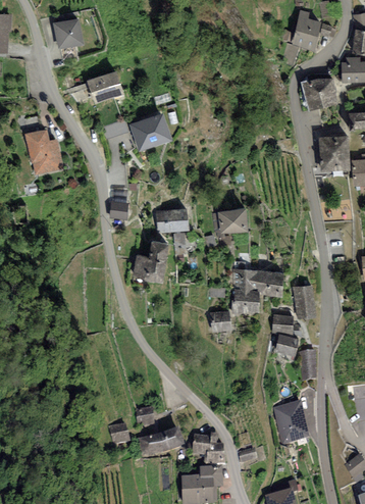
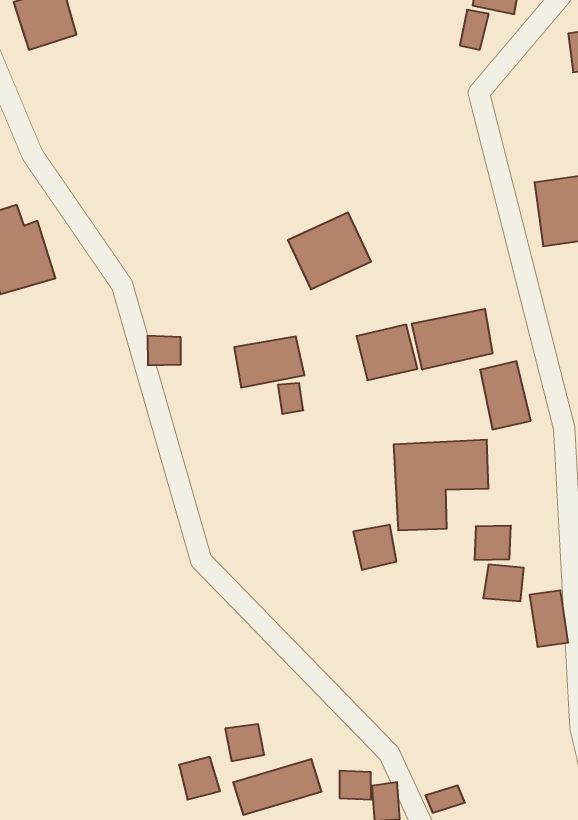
building: [86,68,123,103] -> none
building: [302,75,337,109] -> none
building: [128,112,171,151] -> [288,212,371,289]
building: none -> [412,309,492,370]
building: [132,239,169,282] -> none
building: [292,285,316,319] -> [480,361,531,429]
building: [273,402,309,444] -> none

